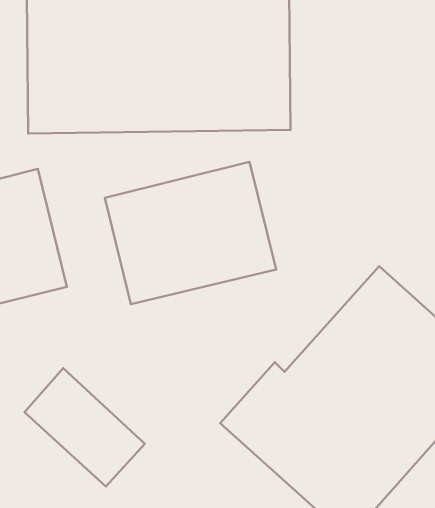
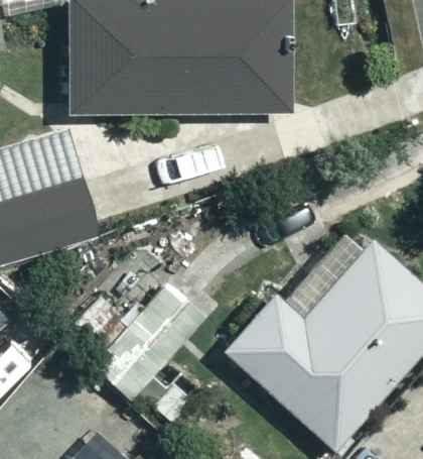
building: [105,162,276,304] -> none

